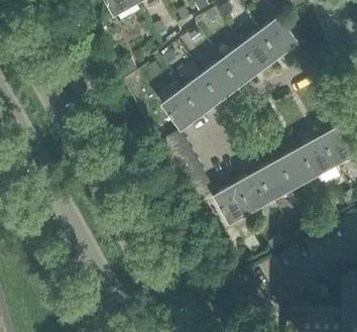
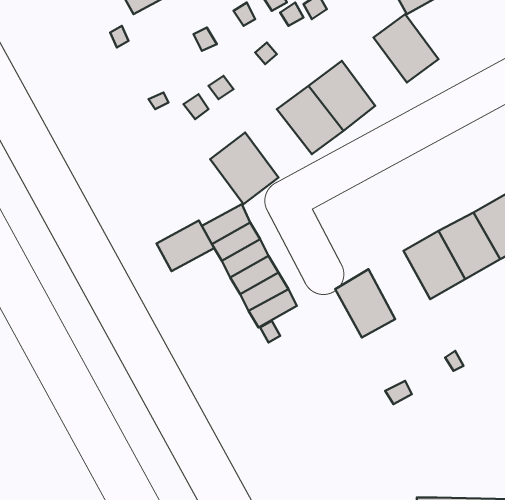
building: [240,30,279,72] -> none
building: [182,74,222,115] -> none
building: none -> [156,220,214,271]
building: [256,159,293,201] -> none
building: [213,183,252,224] -> none

